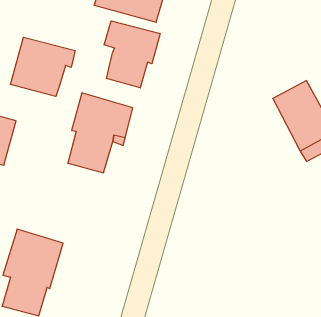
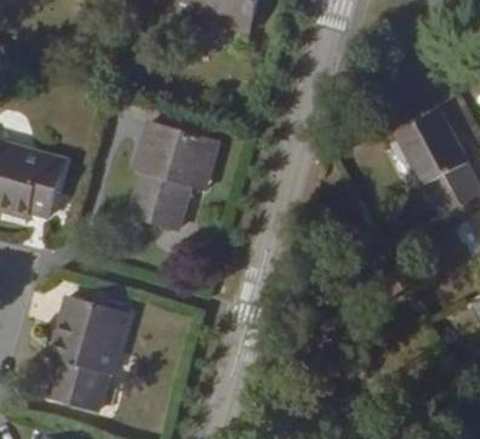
building: [104,21,160,88] -> none
building: [10,37,75,96] -> none

